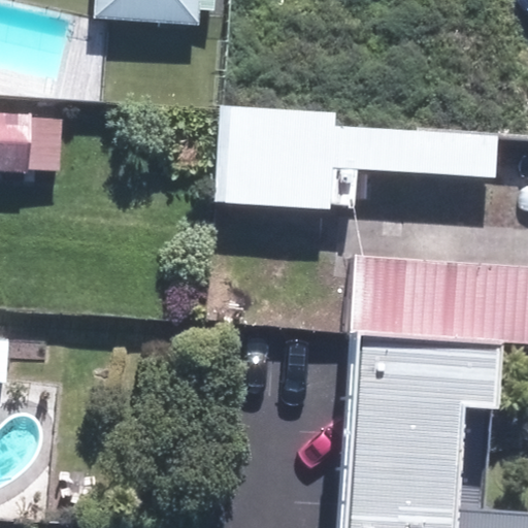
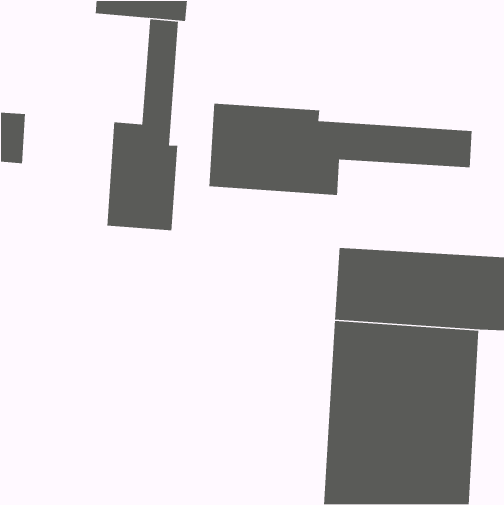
building: none -> [106,19,179,231]

